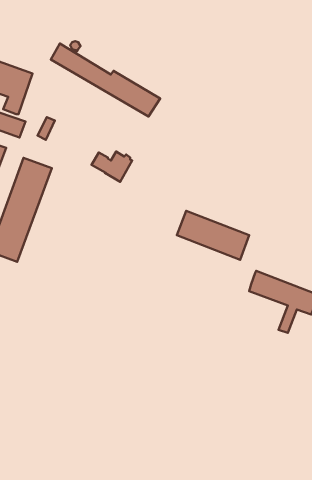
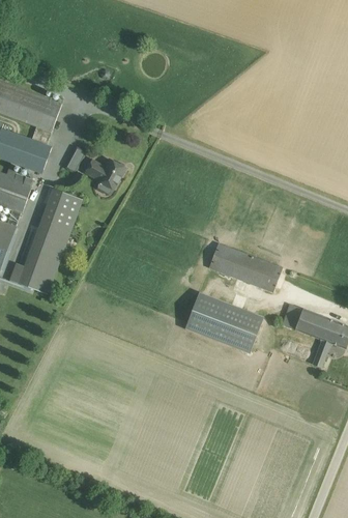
building: [51,43,160,117] -> none
building: [92,151,132,182] -> [84,157,125,189]
building: none -> [184,291,263,351]

